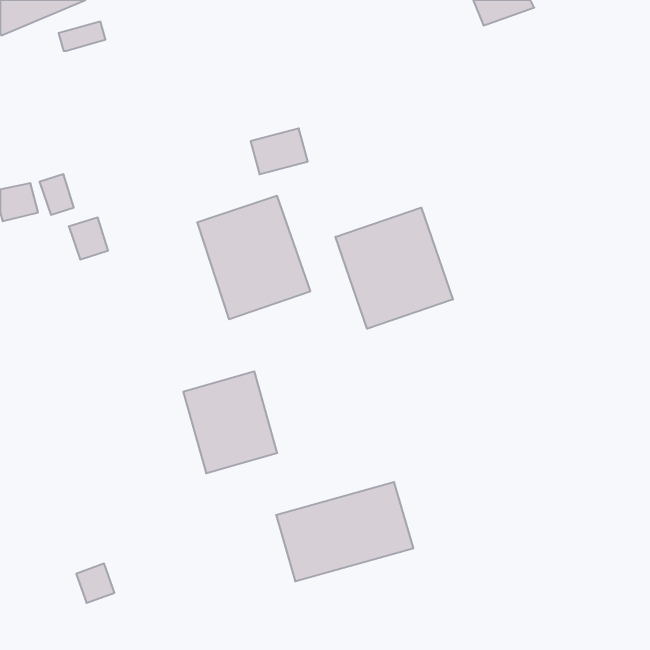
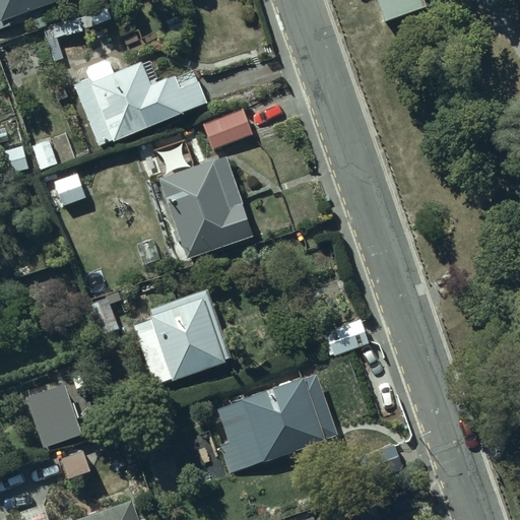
building: none -> [86,49,201,140]
building: [335,208,453,329] -> none
building: none -> [26,384,83,449]

